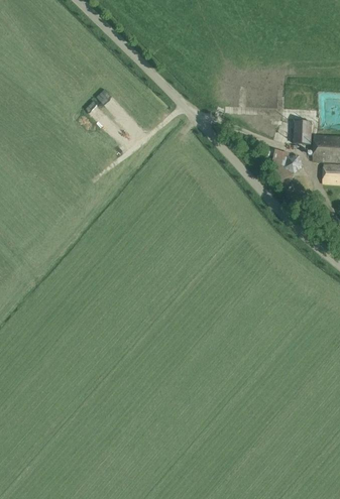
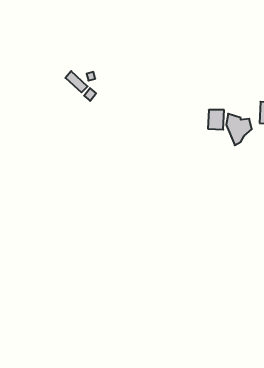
building: [293,121,312,144] -> [208,110,224,130]

